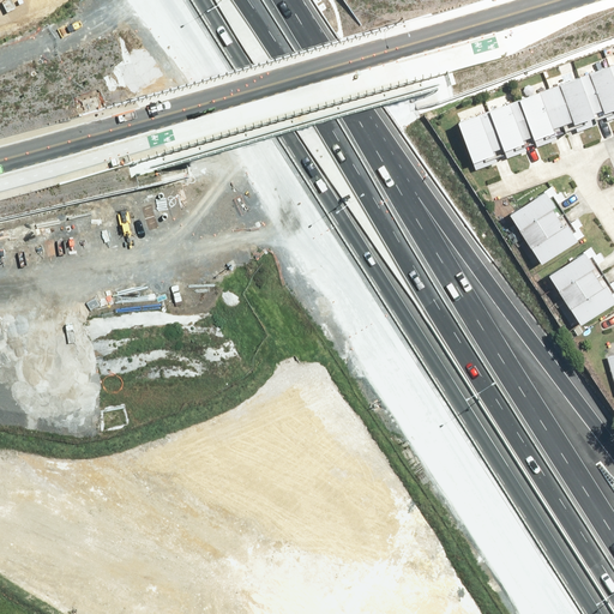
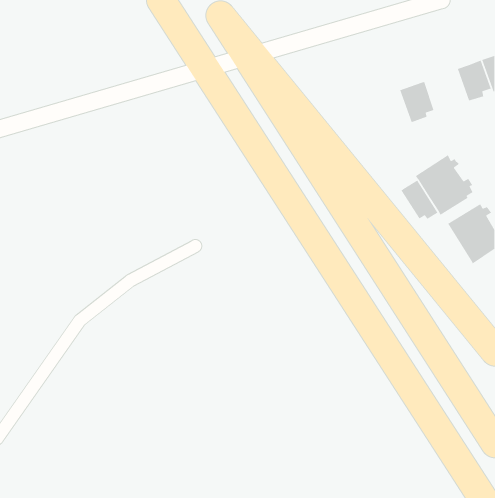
building: [522,86,573,142] -> none
building: [459,113,502,164] -> none
building: none -> [400,180,438,220]

